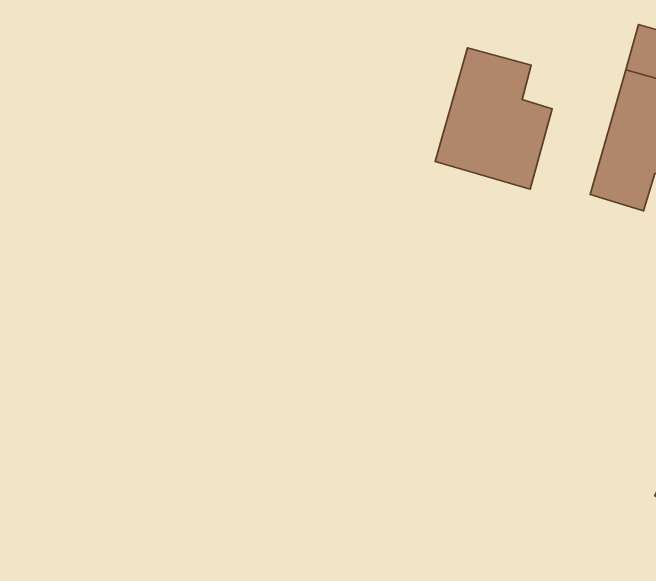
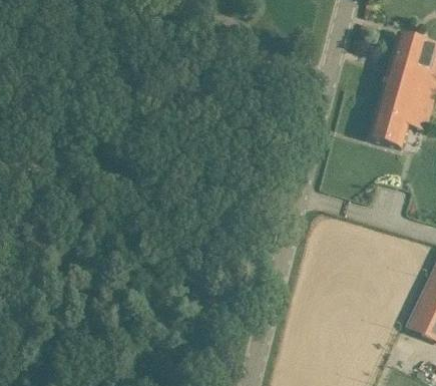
building: [435,48,552,189] -> none

